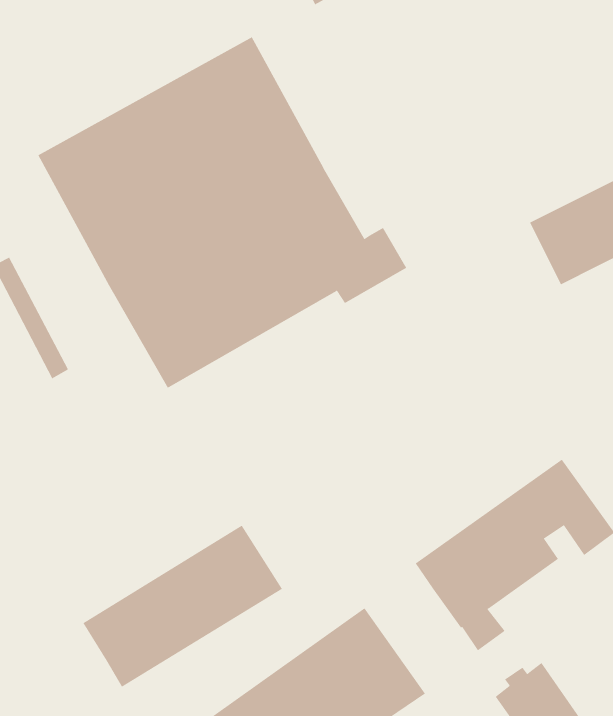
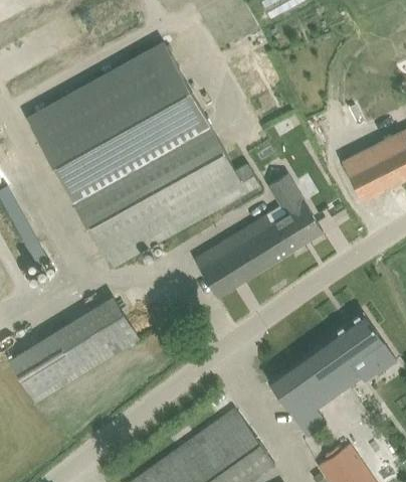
building: none -> [195,173,324,297]
building: [82,525,283,687] -> [10,297,139,401]

